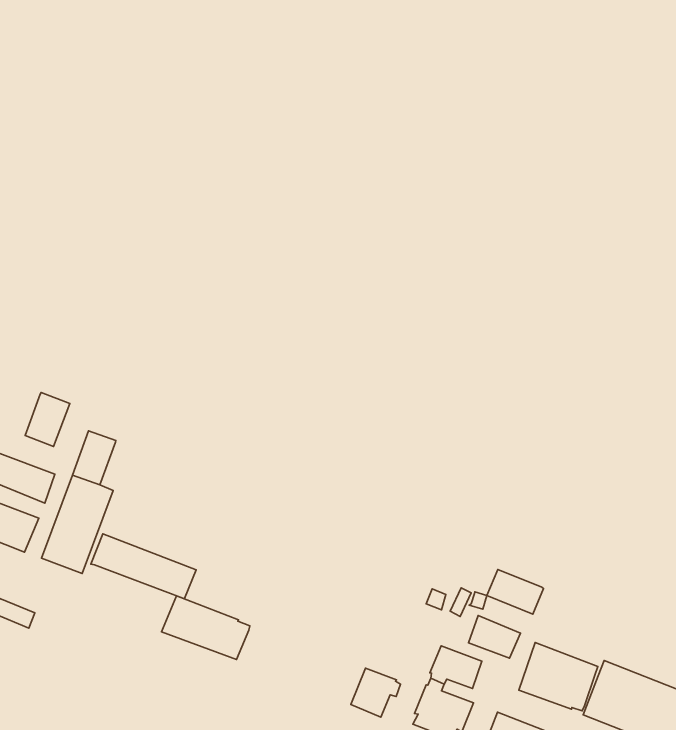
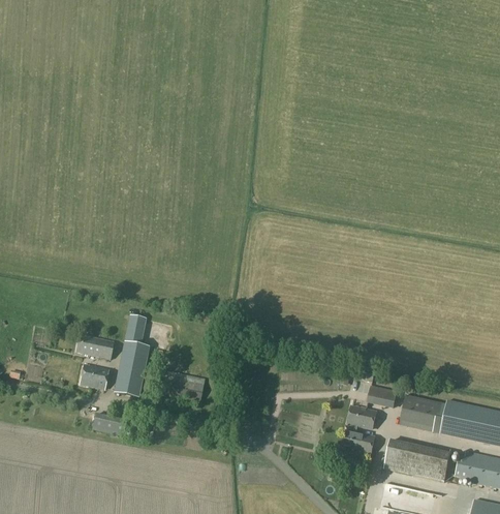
building: [25,393,70,446] -> none
building: [487,569,544,614] -> none
building: [162,596,250,660] -> none
building: [351,668,401,717] -> none

